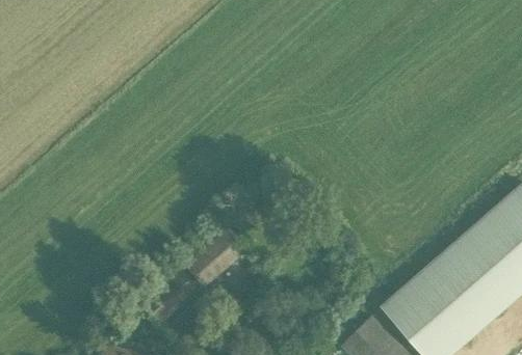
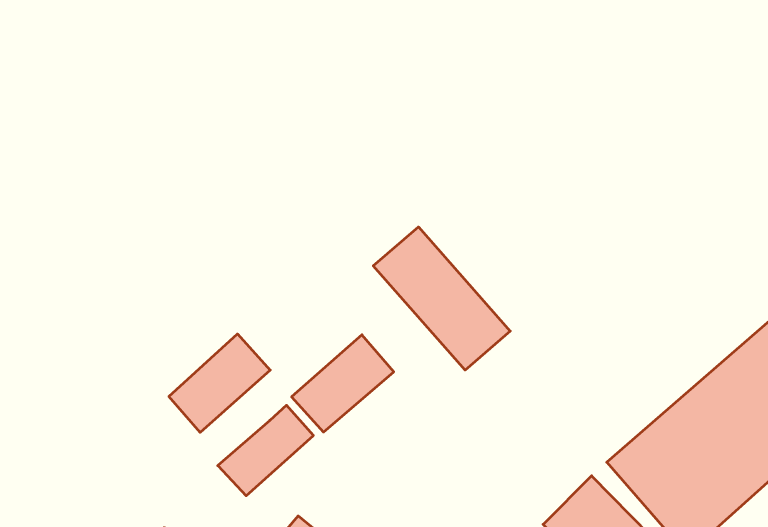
building: none -> [373,227,510,370]
building: none -> [169,334,270,432]

